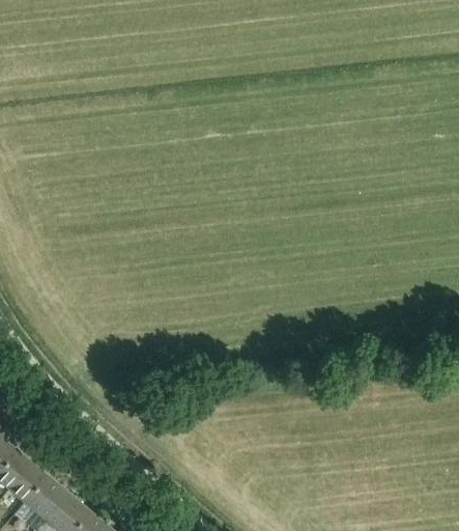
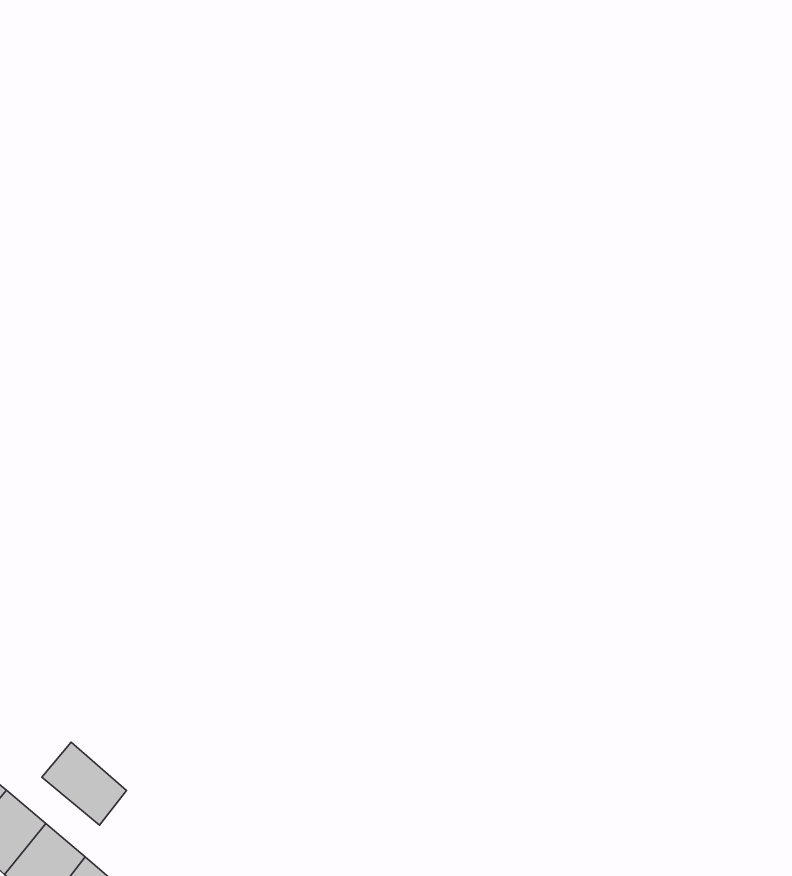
building: none -> [42,742,127,825]

